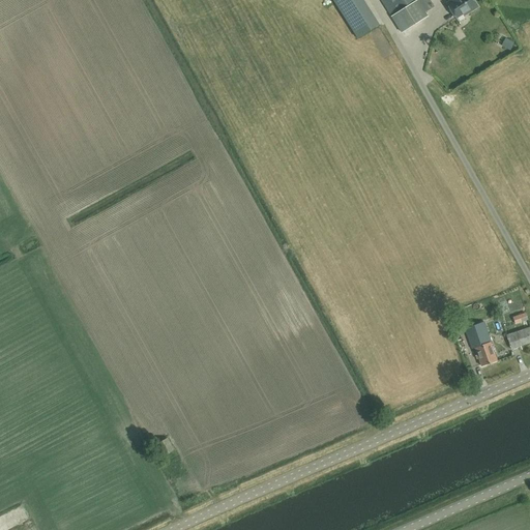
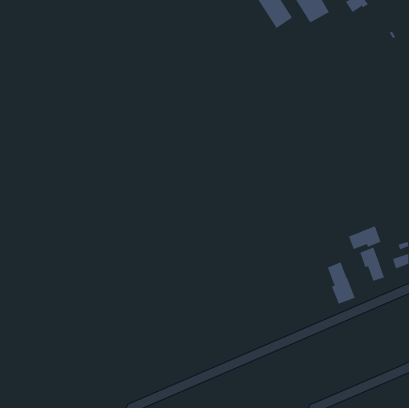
building: none -> [348,226,381,250]
building: none -> [327,261,355,305]

